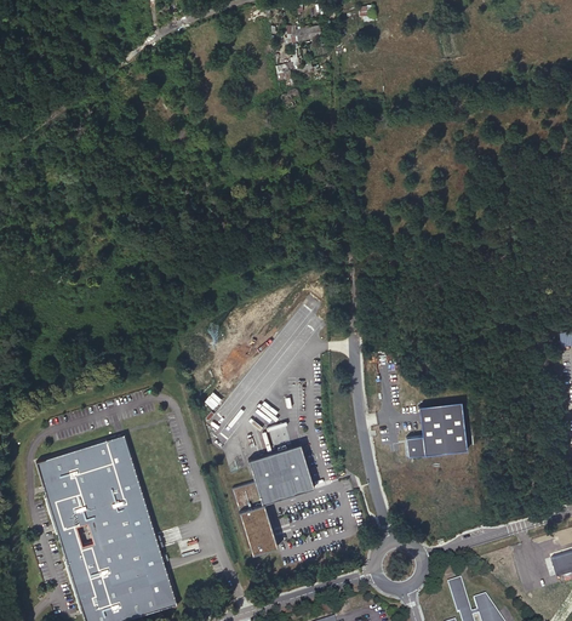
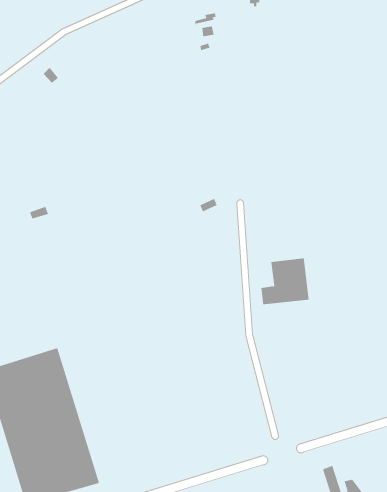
building: [406,401,465,458] -> [261,258,309,305]
building: [231,445,314,577] -> none

